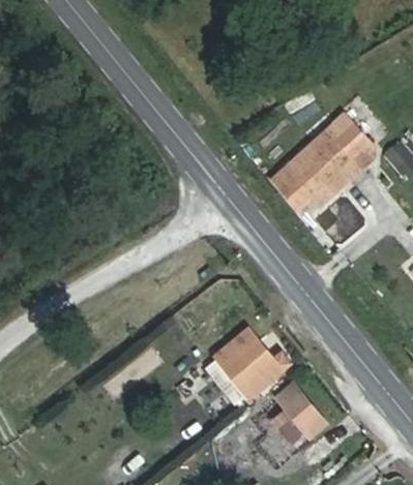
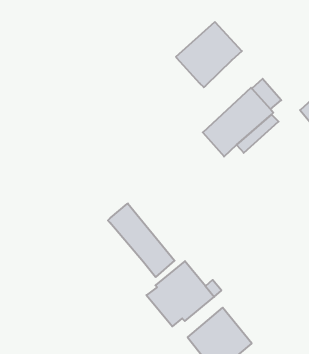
building: none -> [176,22,242,87]
building: none -> [108,203,175,277]

